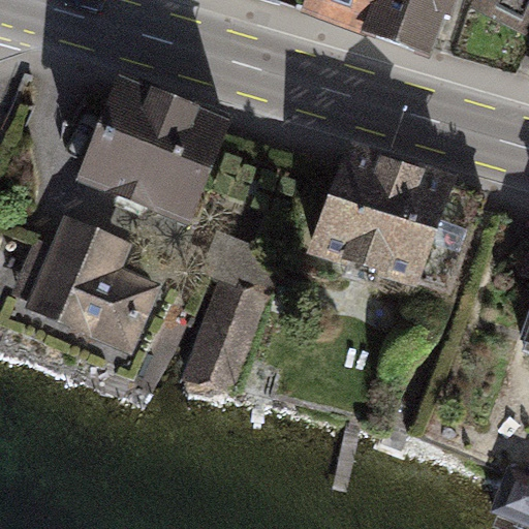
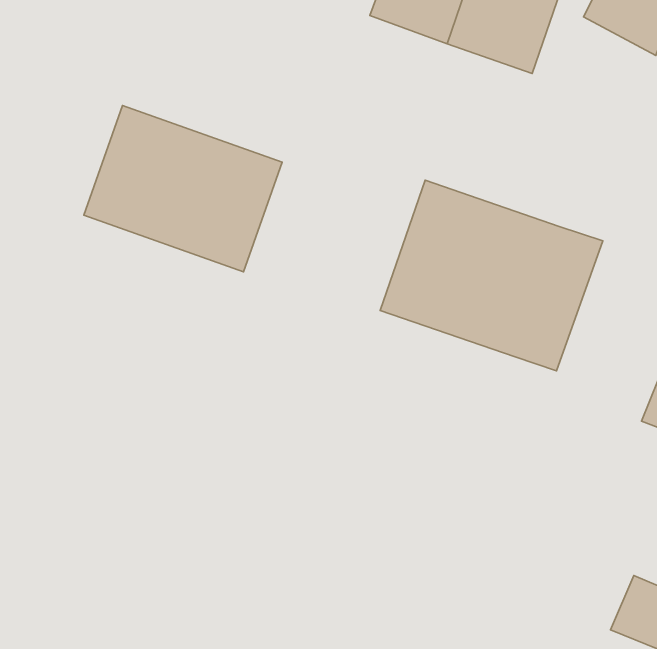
building: [15,213,166,360] -> none
building: [185,227,285,393] -> none

